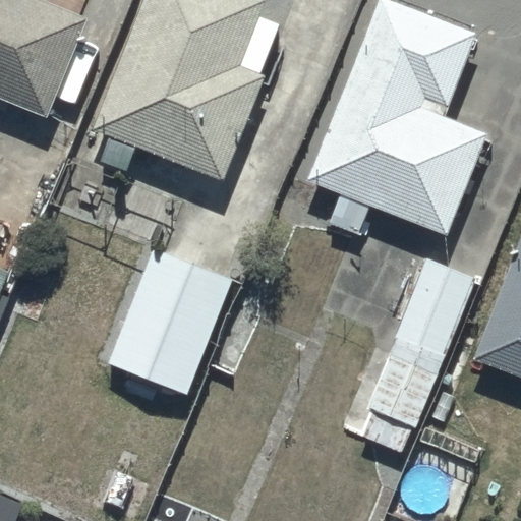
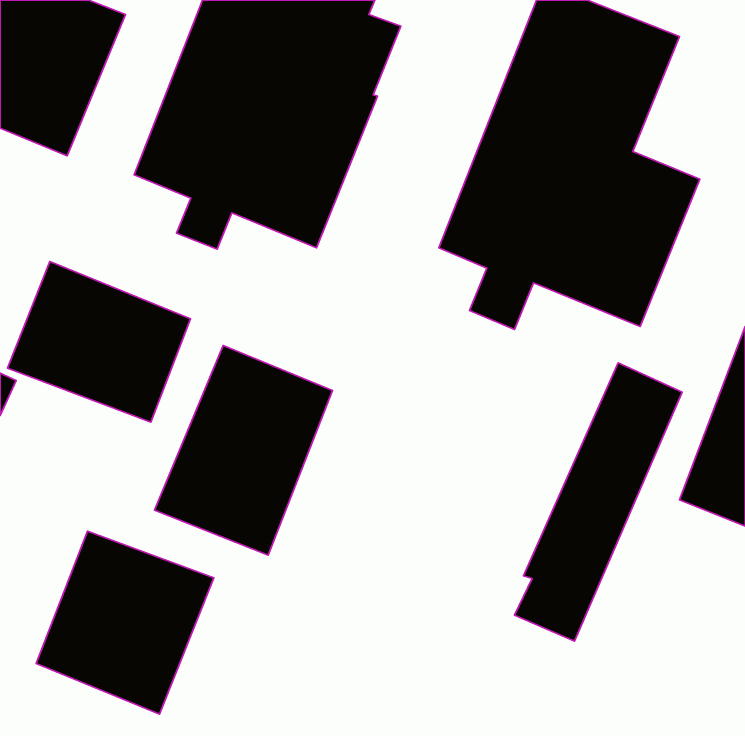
building: none -> [7,262,190,422]
building: none -> [36,531,214,714]

